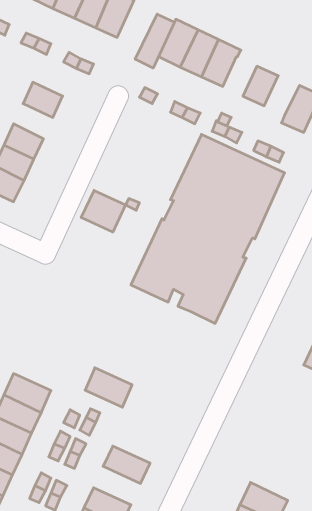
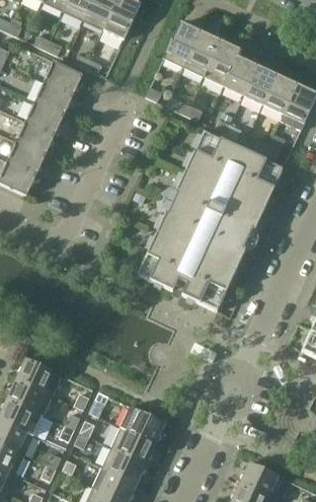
building: [135,14,174,68] -> none
building: none -> [225,57,257,94]
building: none -> [45,61,83,94]
building: none -> [264,75,298,113]
building: none -> [26,101,64,135]
building: [81,190,126,232] -> none
building: [85,368,132,407] -> [121,406,165,443]
building: none -> [102,446,147,483]

